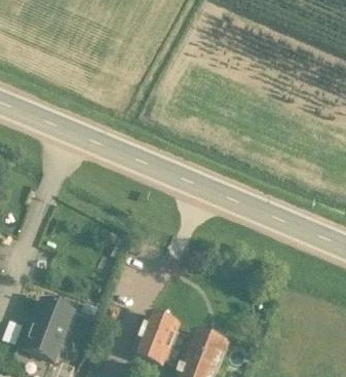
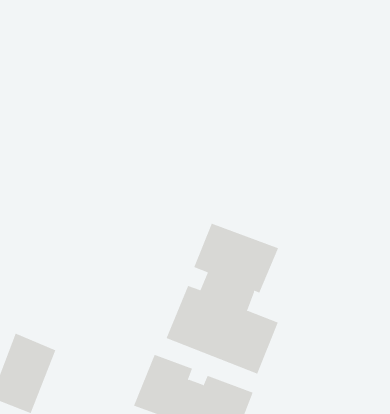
building: none -> [166,223,279,375]

